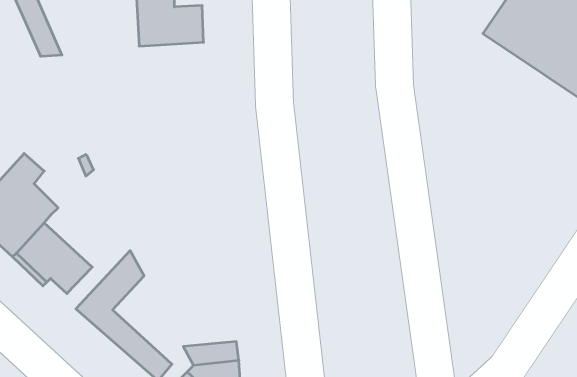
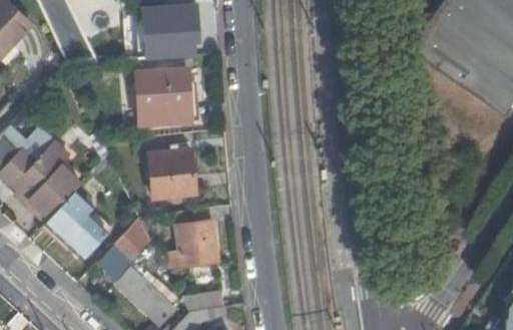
building: none -> [138,69,199,124]
building: none -> [150,147,198,198]
building: none -> [171,220,218,266]

